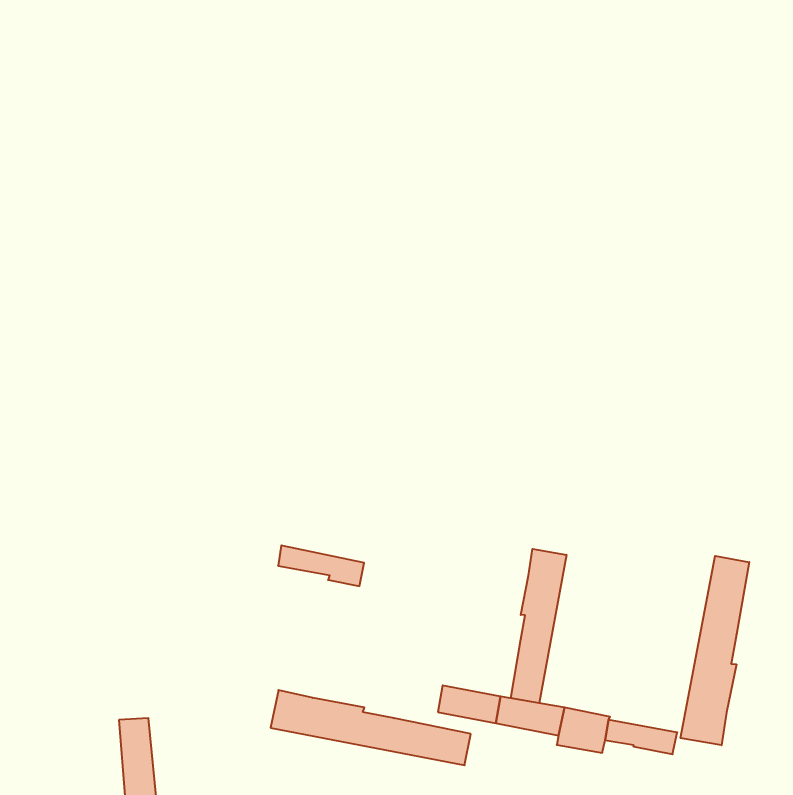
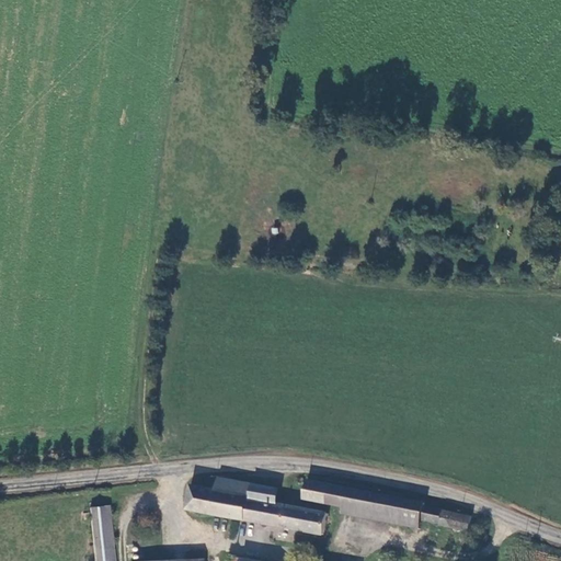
building: [278,545,364,586] -> [224,478,284,506]
building: [511,549,566,703] -> none
building: [681,556,749,745] -> none

